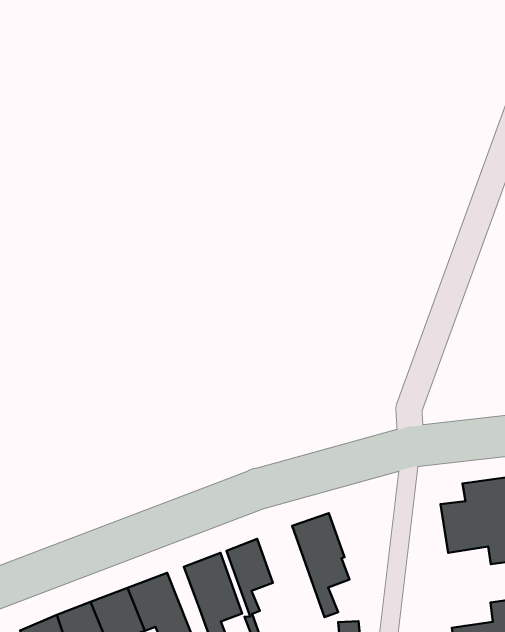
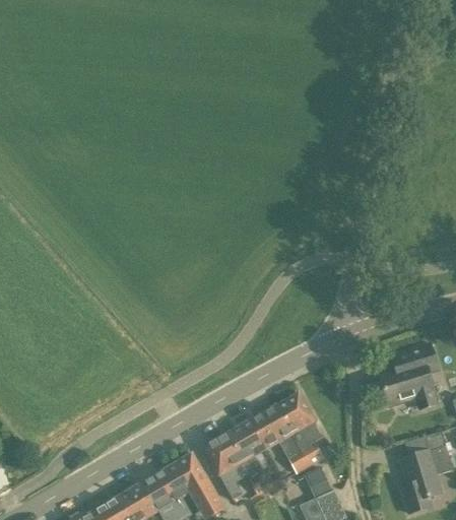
building: none -> [252,405,309,473]

